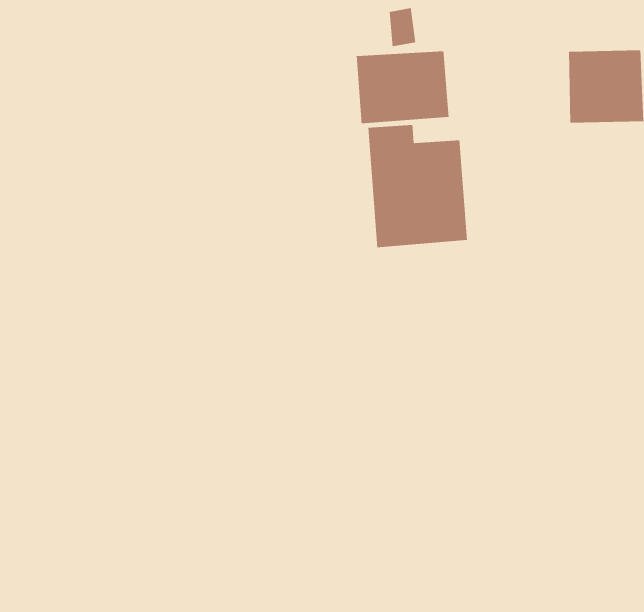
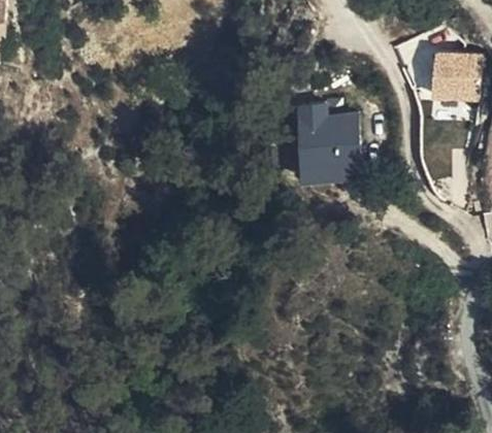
building: [356,50,449,124] -> none

